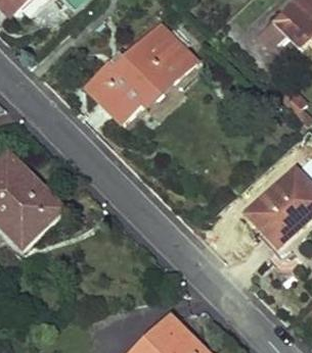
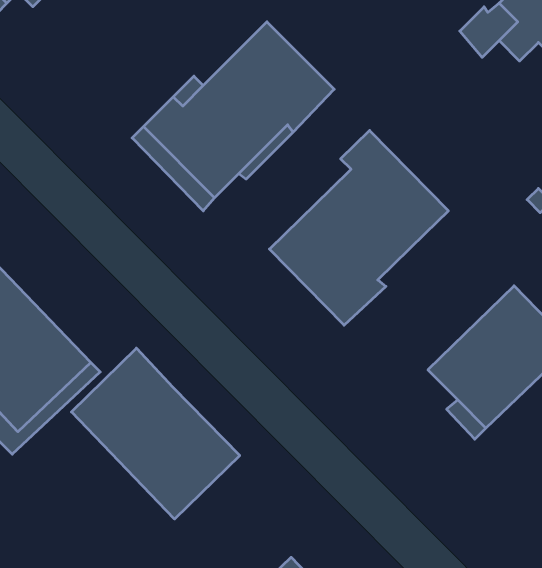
building: none -> [269,130,448,325]
building: none -> [71,348,240,519]

